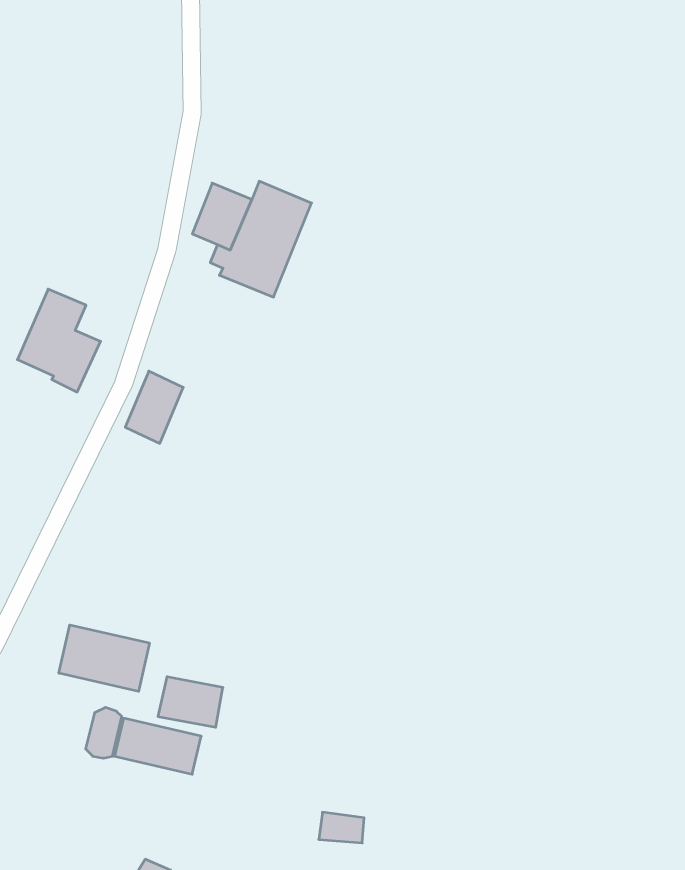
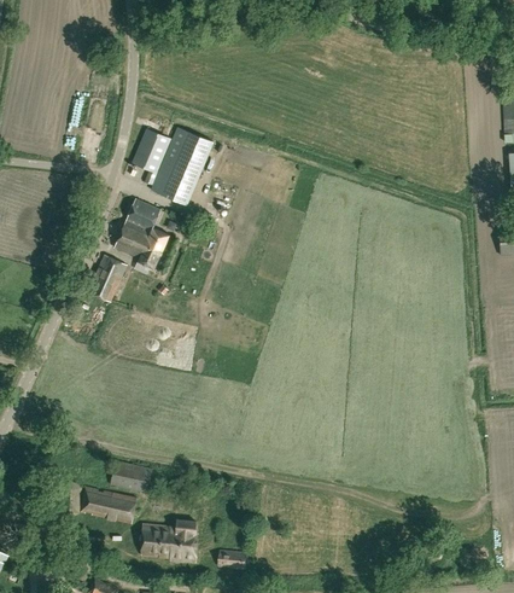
building: [17,289,101,392] -> [113,199,169,268]
building: [59,625,149,691] -> none
building: none -> [140,519,195,560]

